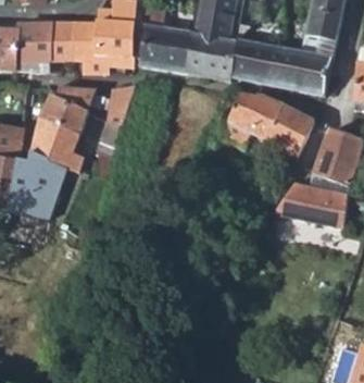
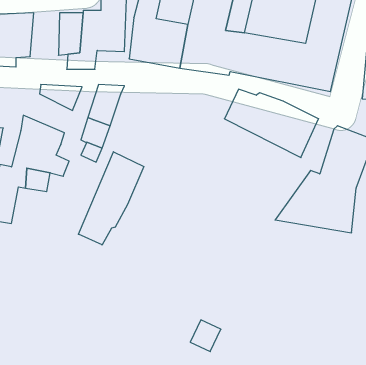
building: [47,22,74,62] -> none
building: [40,95,86,133] -> none
building: none -> [78,152,144,245]

